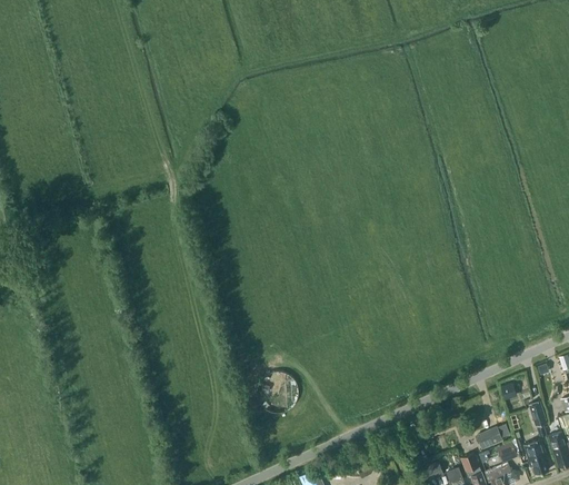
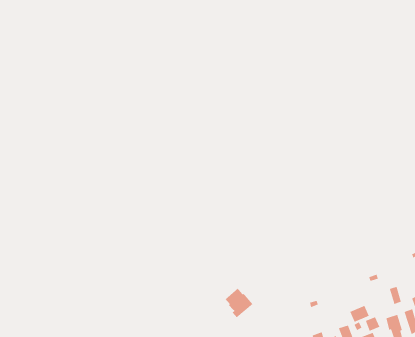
building: [261,367,300,408] -> [225,288,253,318]

